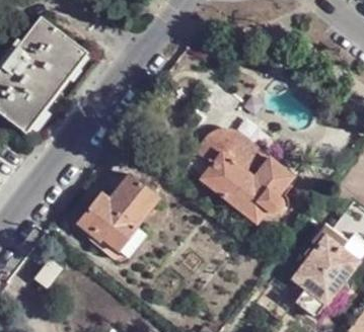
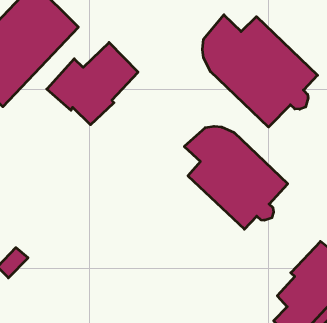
building: none -> [202,15,318,127]
building: [77,174,159,251] -> [47,42,138,125]

